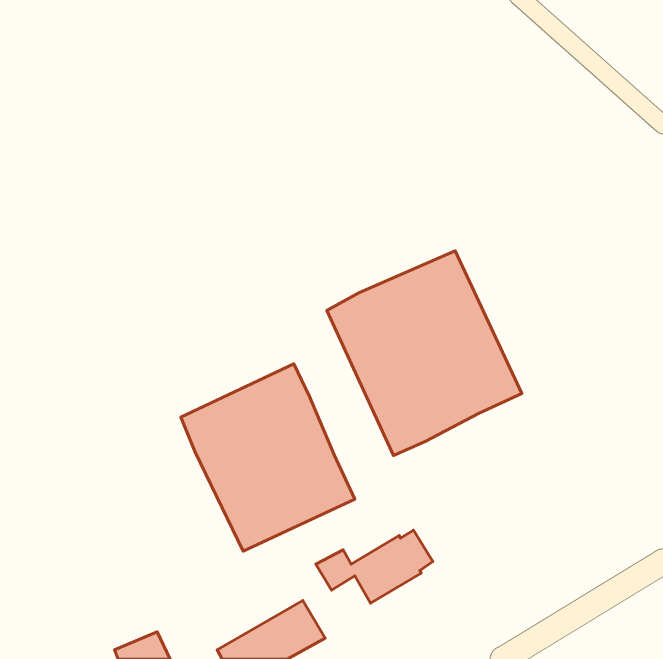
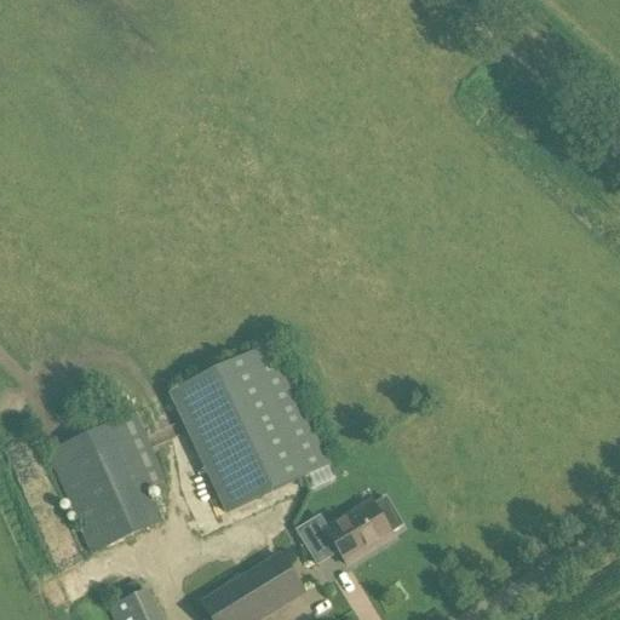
building: [327,251,522,455] -> none
building: none -> [45,409,161,553]

